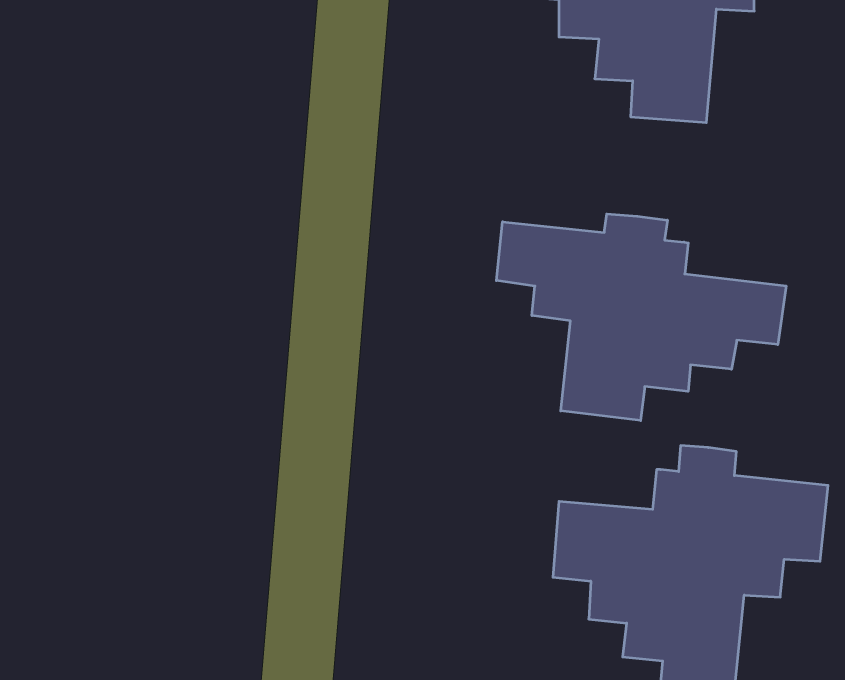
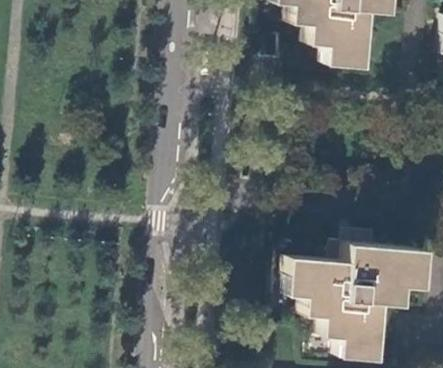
building: [496,214,786,421] -> none

